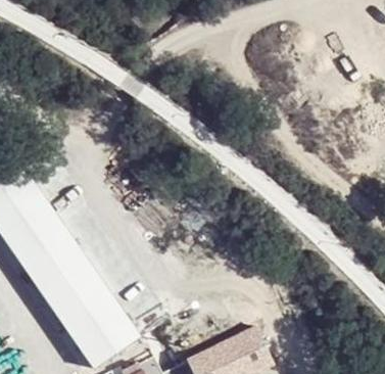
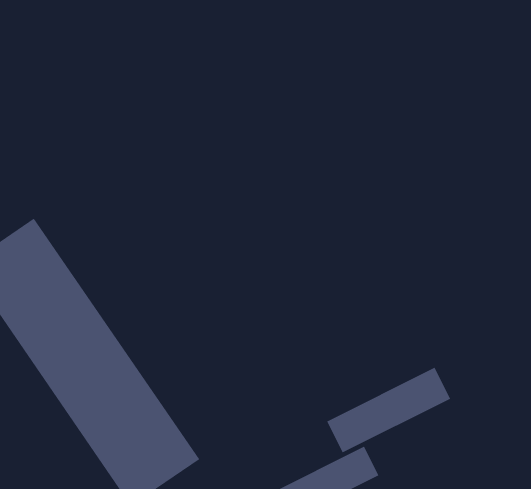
building: none -> [326,367,451,453]

